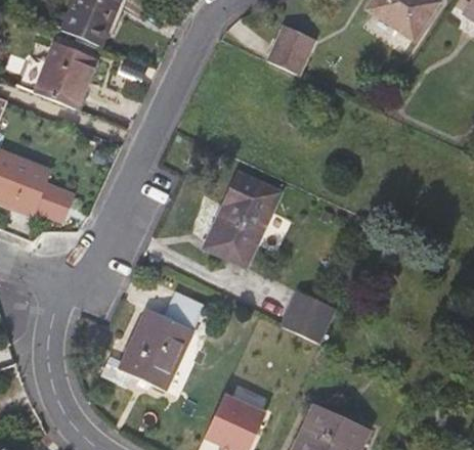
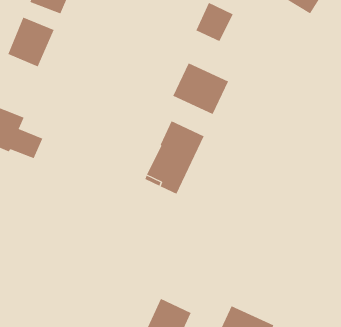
building: none -> [172,62,229,115]
building: [100,291,205,391] -> none
building: [283,291,337,345] -> none

